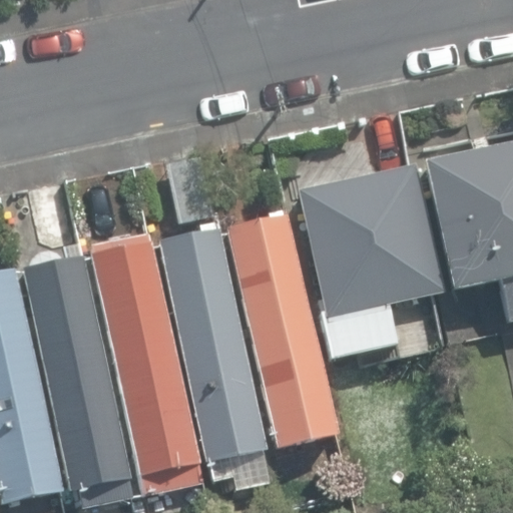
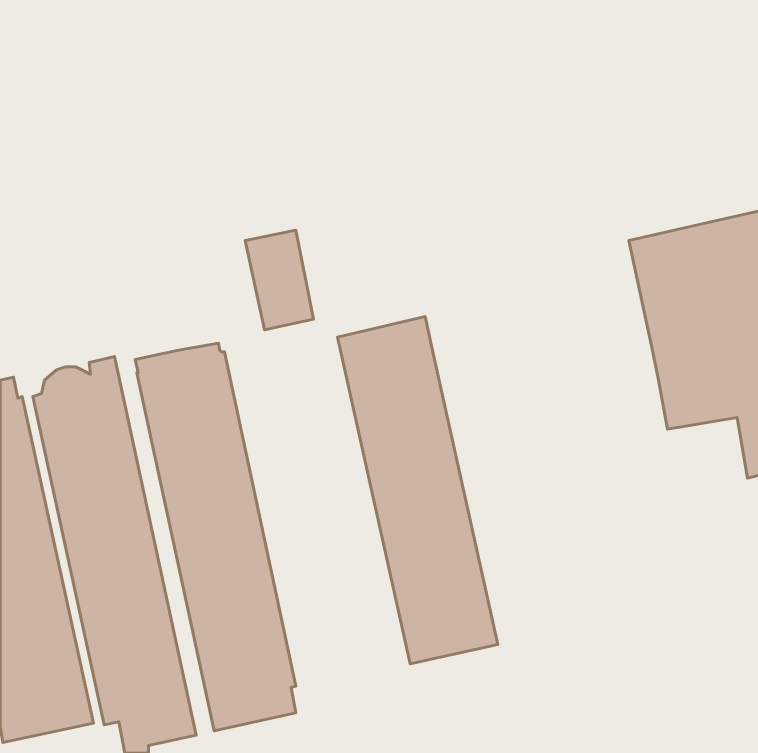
building: [301,165,442,357] -> none
building: [158,229,270,489] -> none

